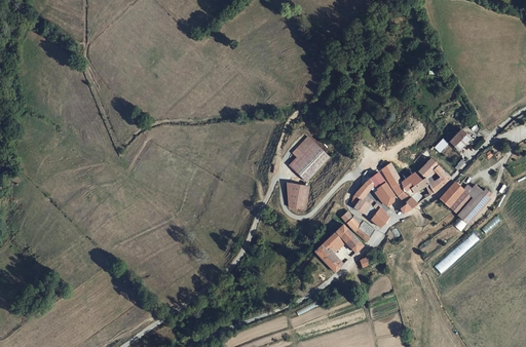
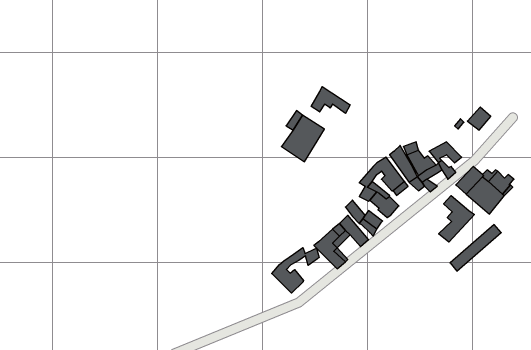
building: none -> [311,87,350,113]
building: [283,181,312,209] -> none
building: none -> [439,196,474,242]
building: none -> [272,248,319,293]

